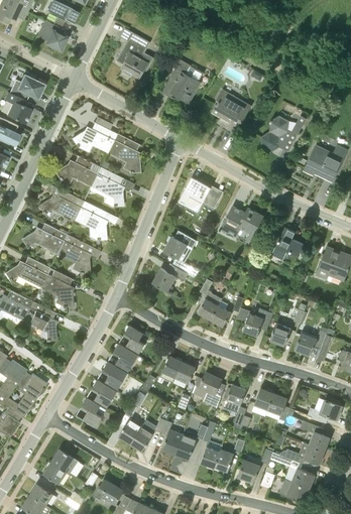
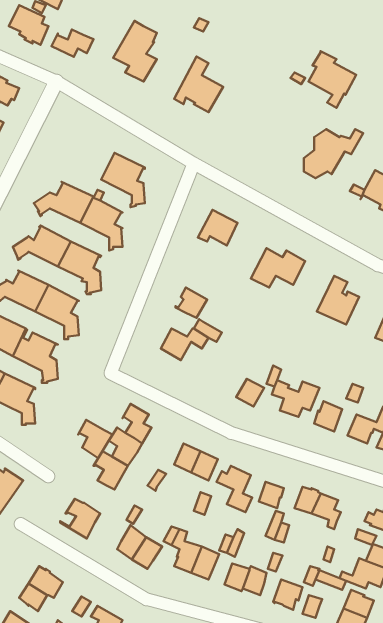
building: none -> [51,30,93,57]
building: [213,89,249,132] -> [309,51,356,108]
building: [73,122,117,153] -> none
building: [198,278,222,319] -> none
building: [91,379,117,408] -> [78,420,113,458]

